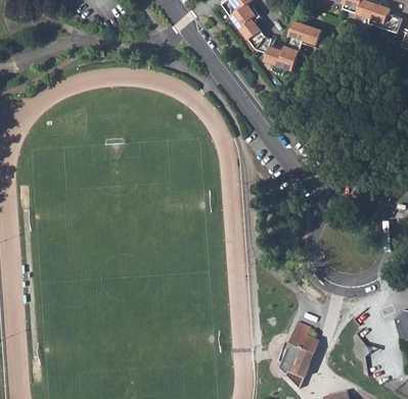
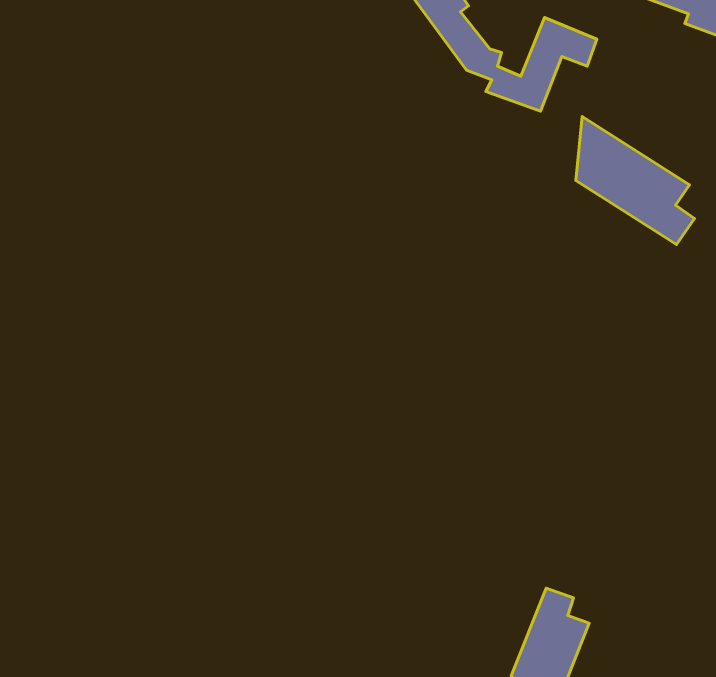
building: none -> [576,116,694,244]

